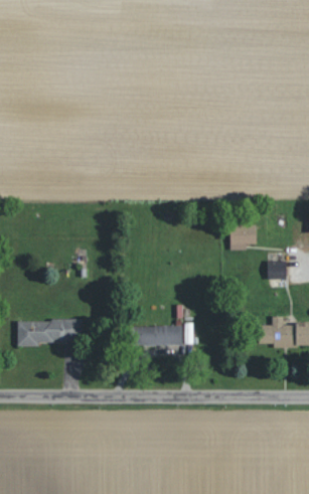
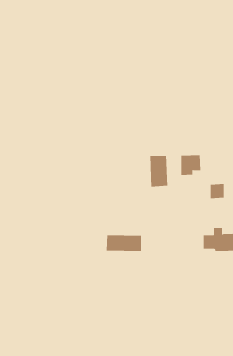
building: none -> [150,155,168,187]
building: [16,319,81,346] -> none

